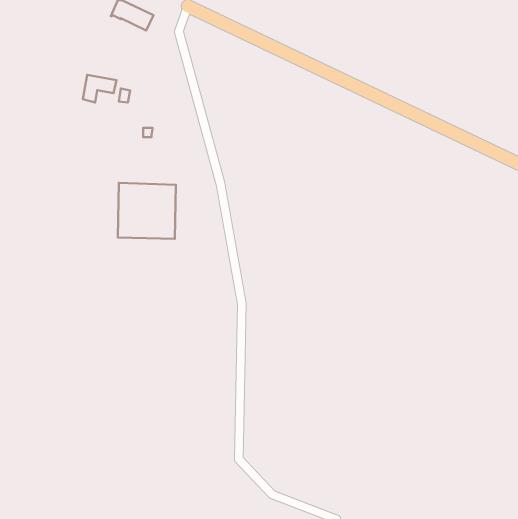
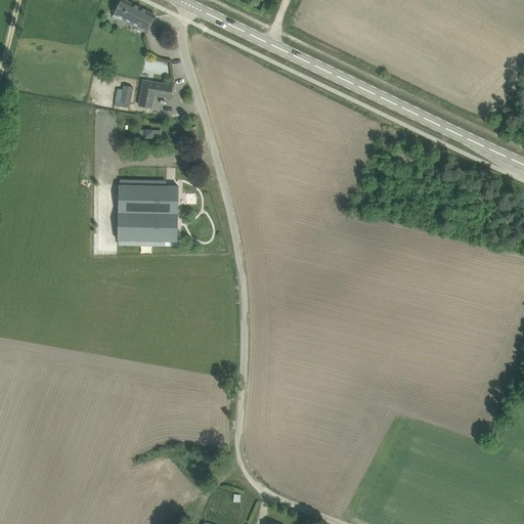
building: [83,75,117,102] -> [138,80,172,107]

